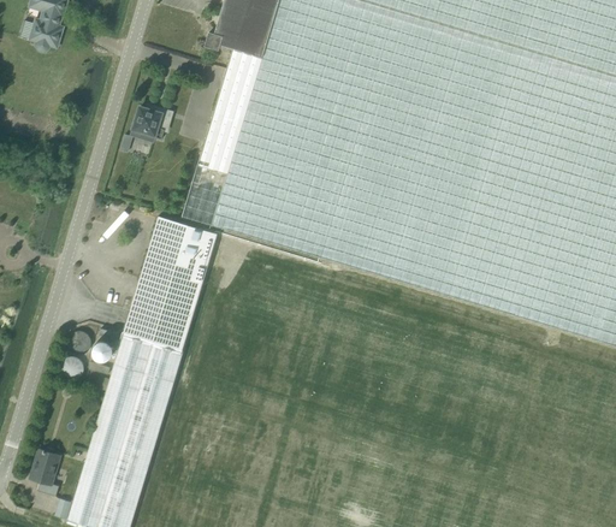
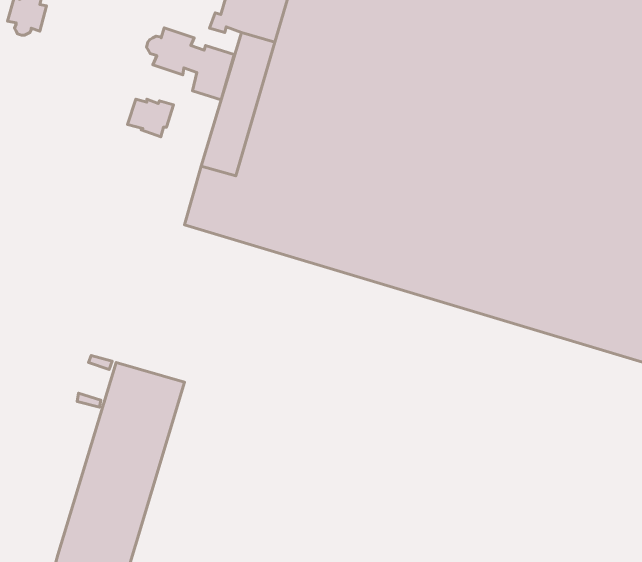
building: none -> [146,28,234,100]
building: [124,214,218,350] -> none
building: [31,445,61,495] -> none

